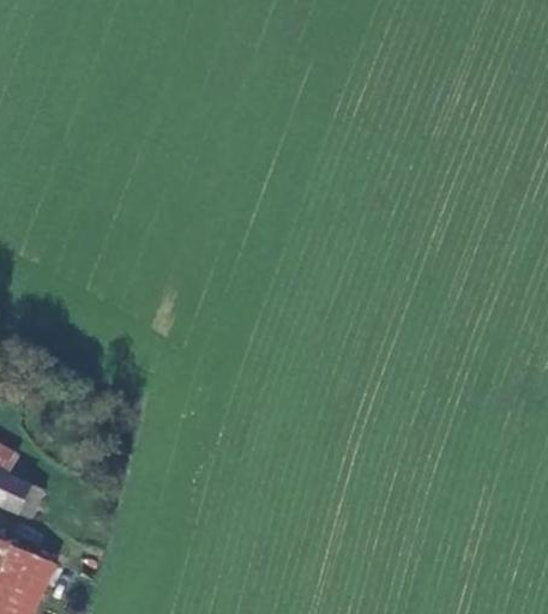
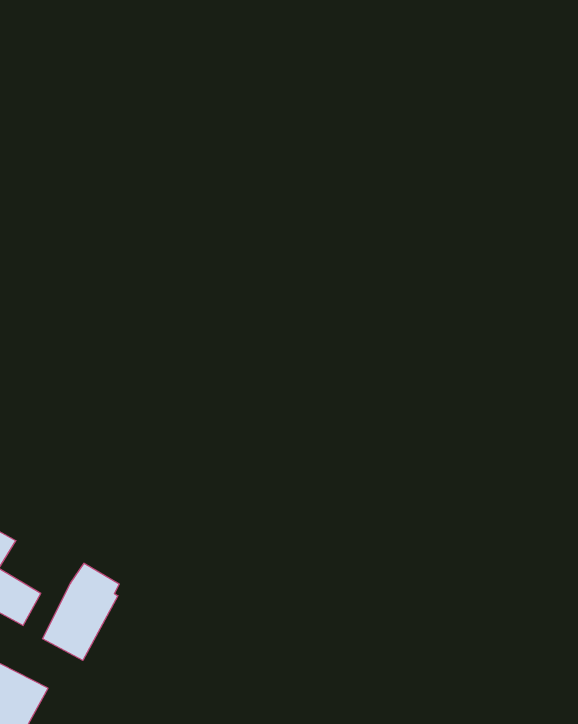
building: none -> [43,563,119,660]

